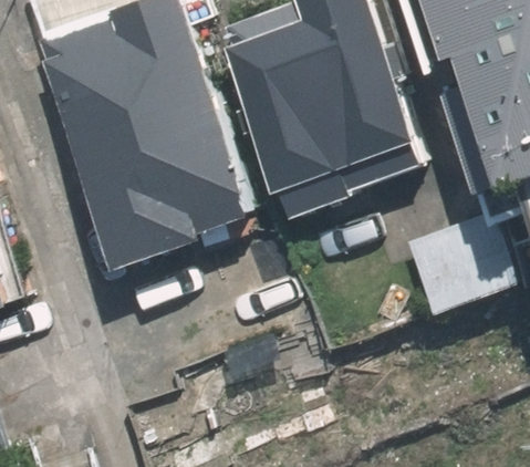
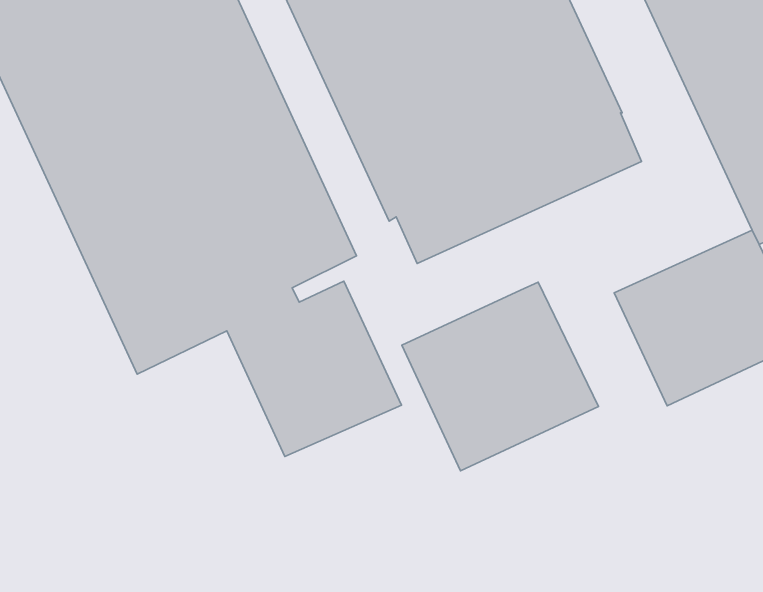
building: none -> [402,282,599,471]

